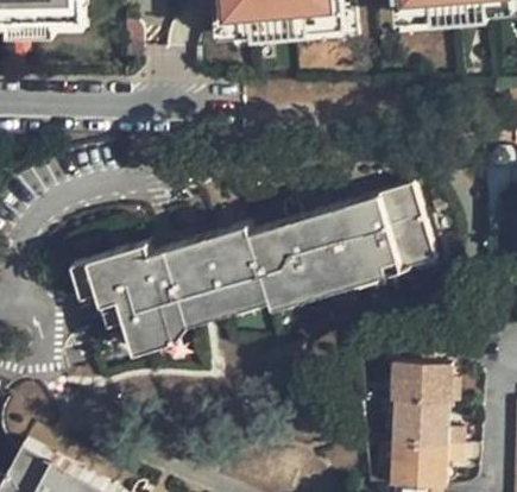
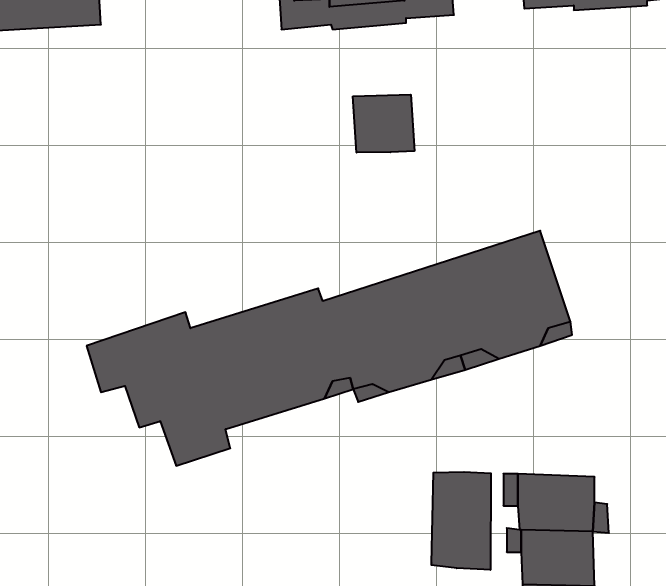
building: none -> [353,95,414,153]
building: none -> [431,472,491,570]

